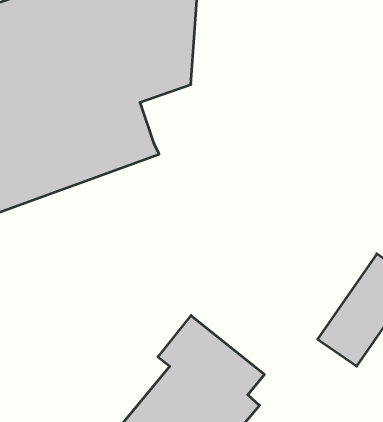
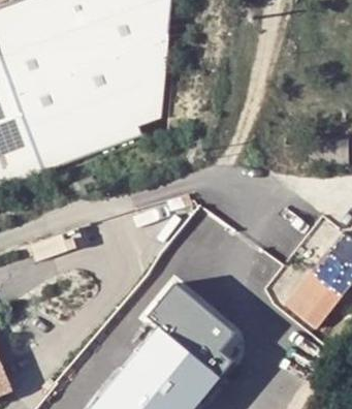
building: none -> [127,77,171,129]

